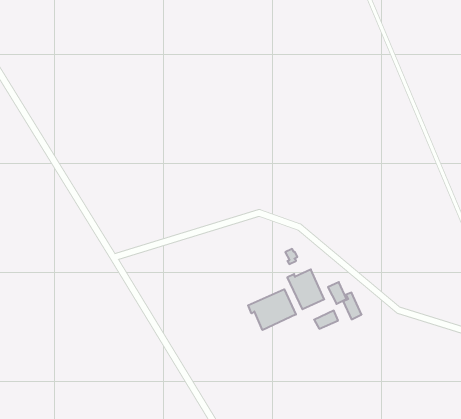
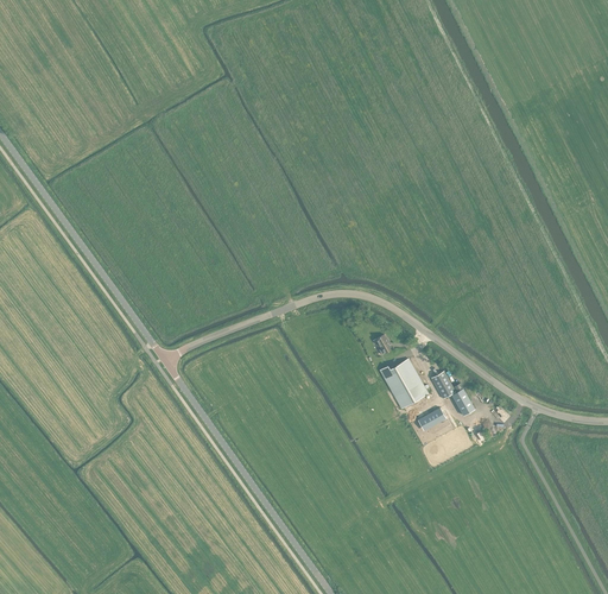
building: [248,289,296,330] -> none

